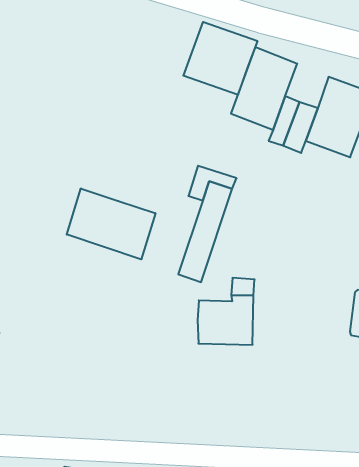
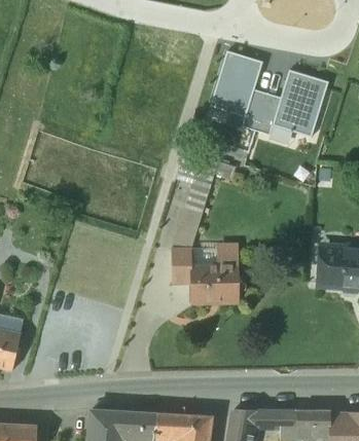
building: [183,22,257,95] -> none
building: [67,188,155,259] -> none
building: none -> [171,248,192,281]

